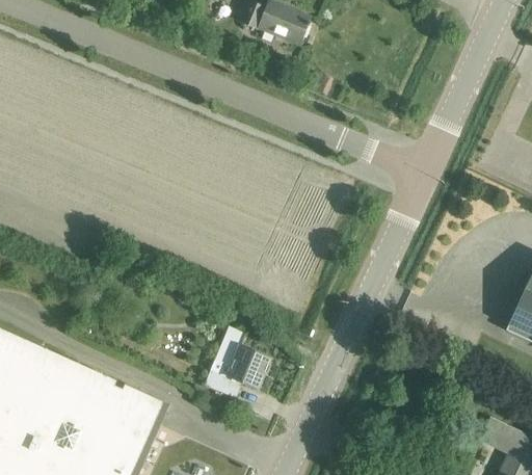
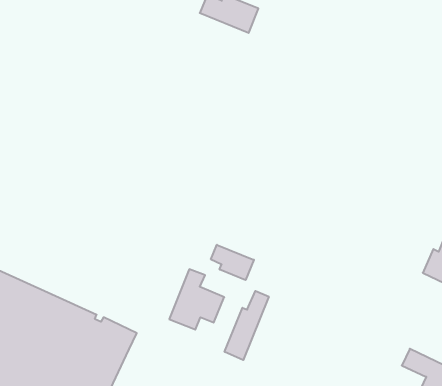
building: none -> [211,245,254,280]
building: none -> [225,291,269,360]

